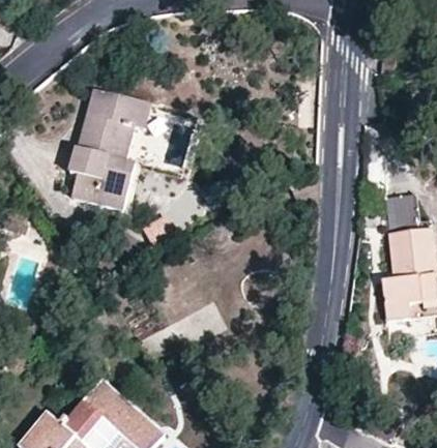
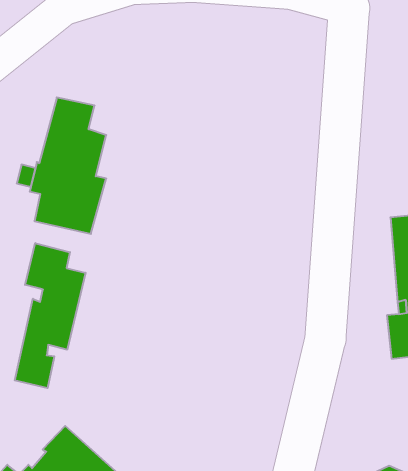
building: [120,97,151,161] -> none
building: none -> [15,243,86,388]

